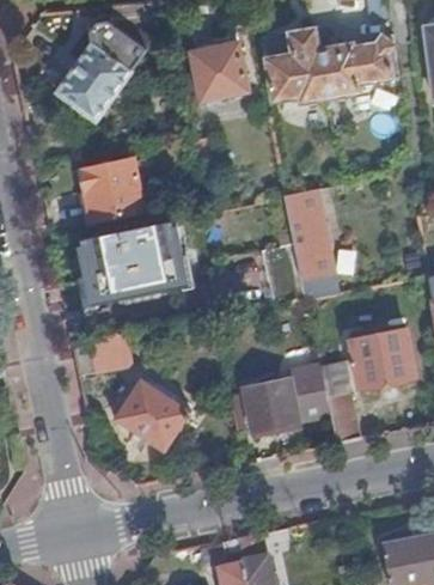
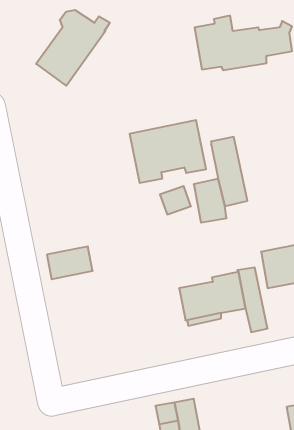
building: [191,44,247,100] -> none
building: [79,159,142,221] -> none
building: [82,221,183,304] -> [130,120,206,183]
building: [114,379,192,452] -> none

